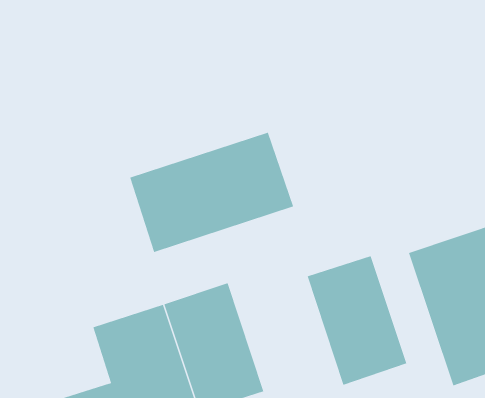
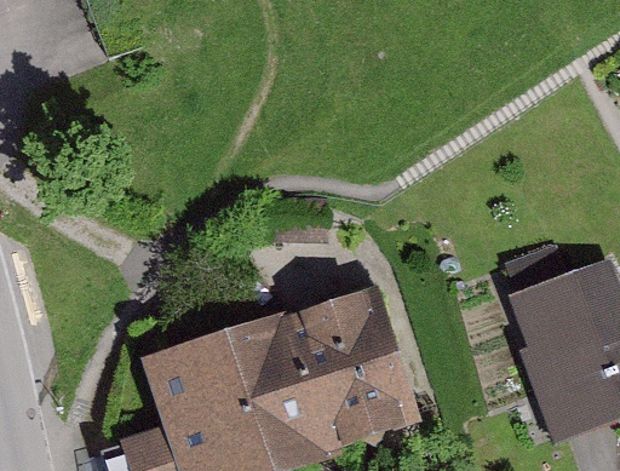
building: [130,132,294,253] -> none
building: [307,256,407,385] -> [302,298,413,442]

